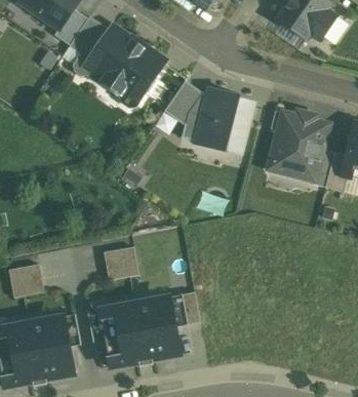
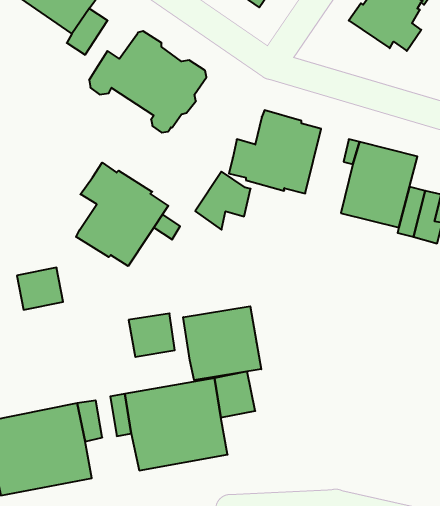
building: [69,14,109,52] -> none
building: [163,79,206,124] -> [195,172,251,230]
building: none -> [76,163,168,266]
building: none -> [183,306,261,380]
building: [7,265,43,297] -> [17,268,63,310]

